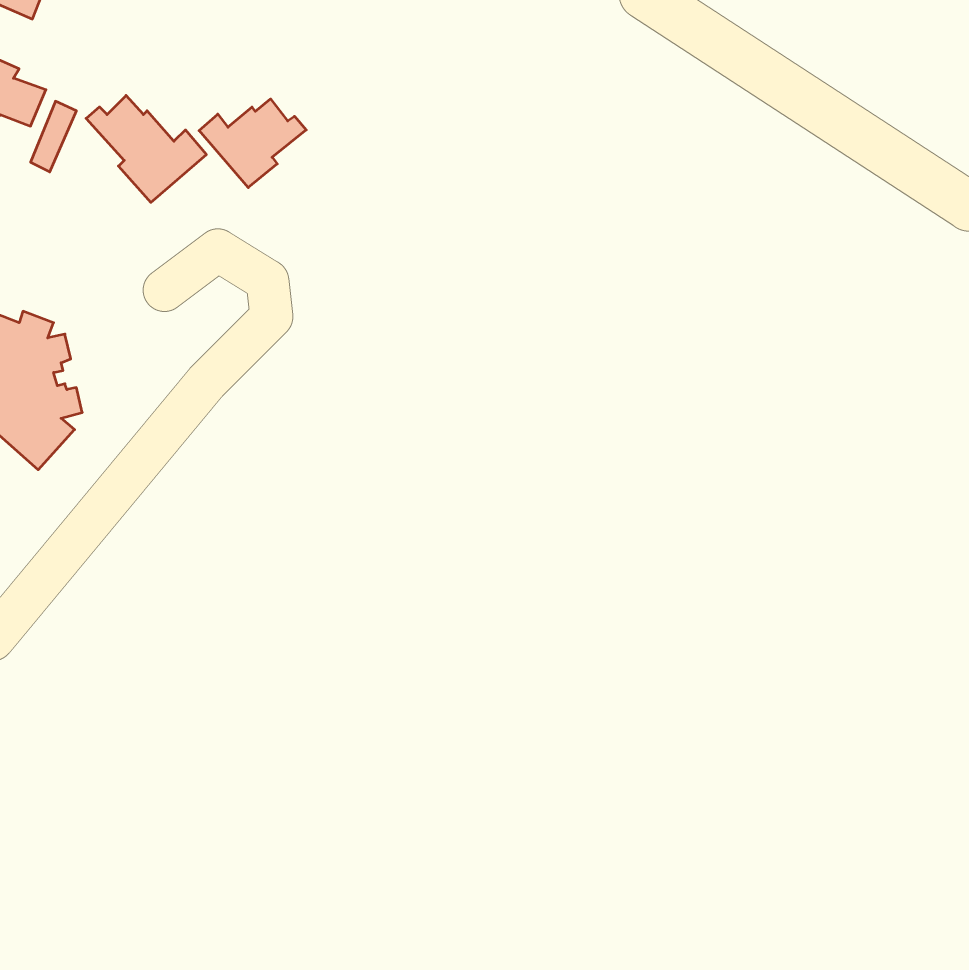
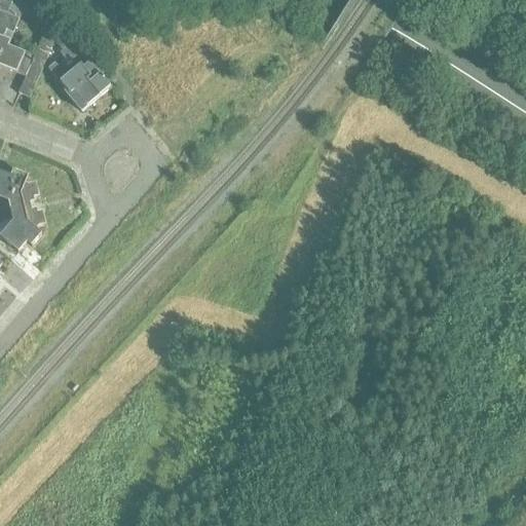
building: [199,99,306,188] -> none

